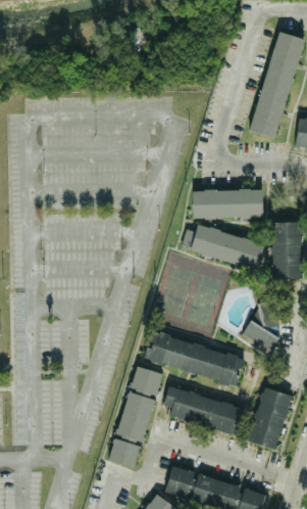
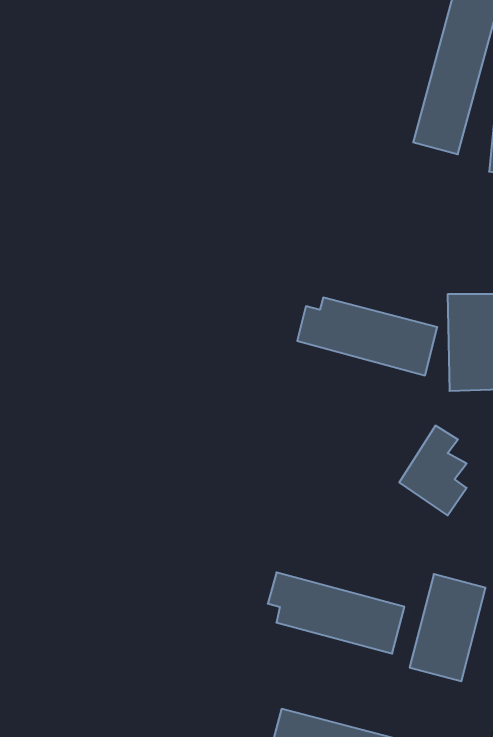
building: [193,189,262,218] -> none
building: [144,331,245,386] -> none
building: [108,367,162,469] -> none

